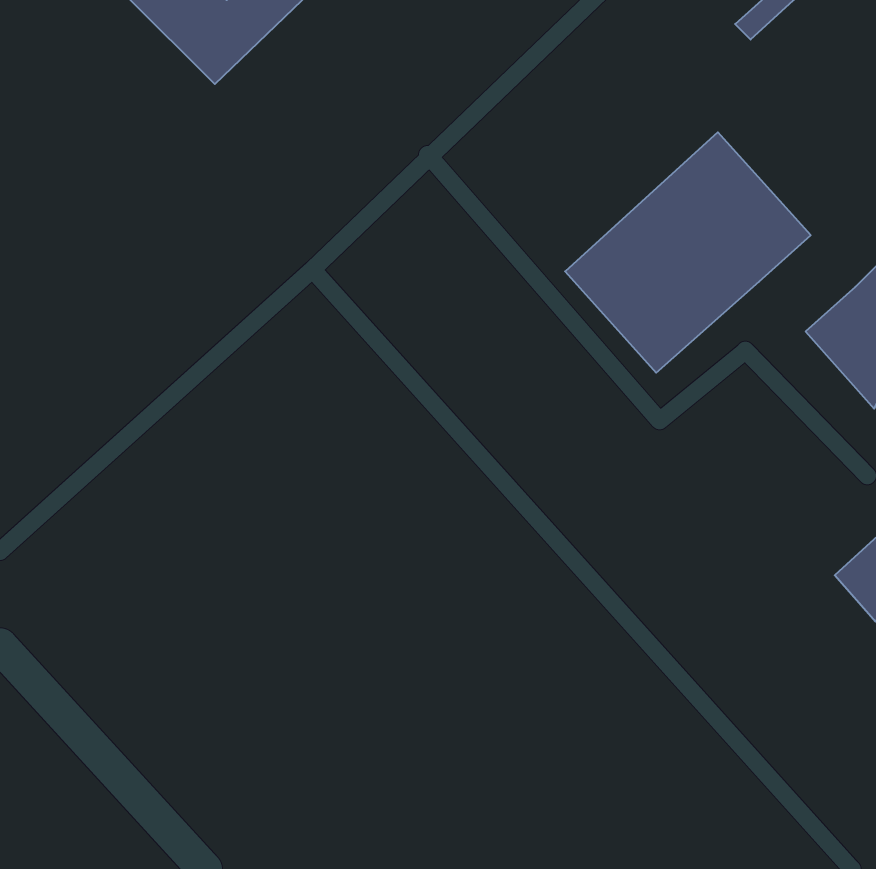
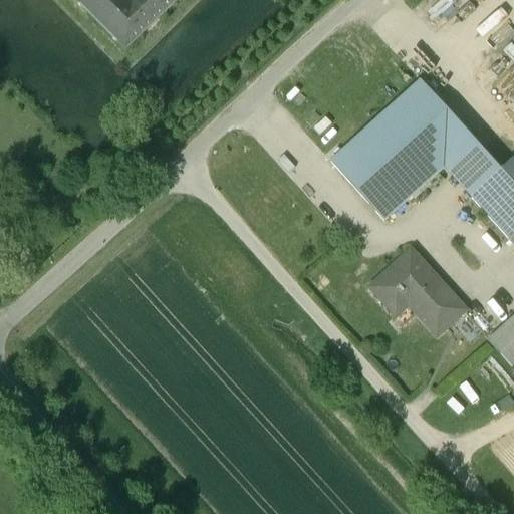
building: none -> [445,138,501,194]
building: none -> [370,247,466,333]

